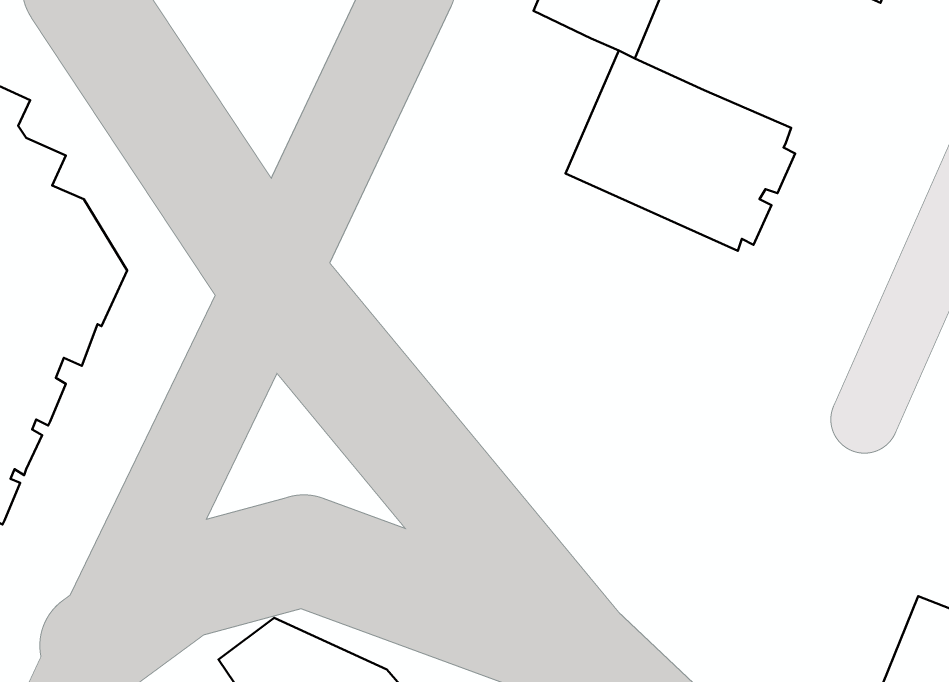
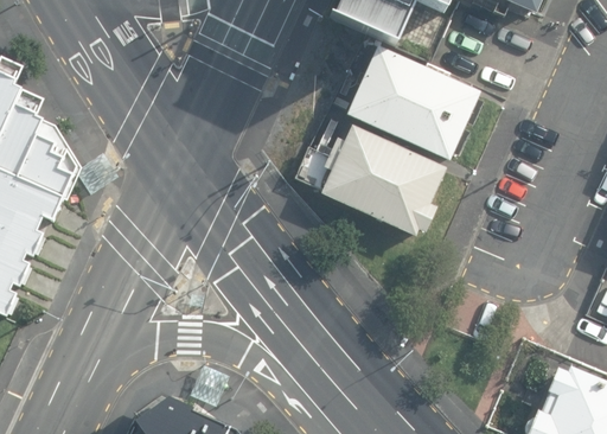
building: none -> [292,122,442,234]

